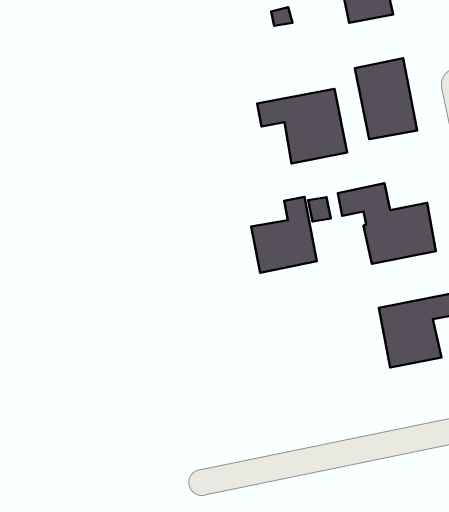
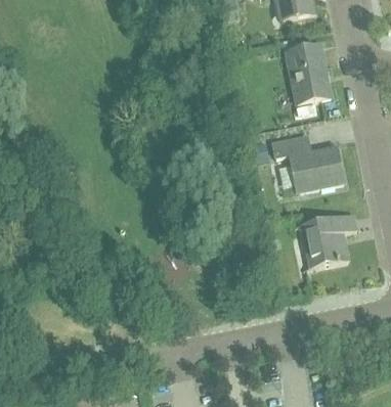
building: [257,89,347,163] -> none
building: [251,197,317,273] -> none

